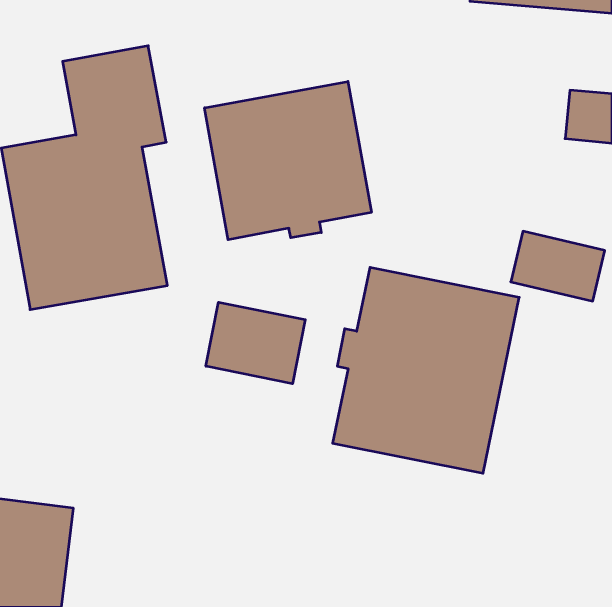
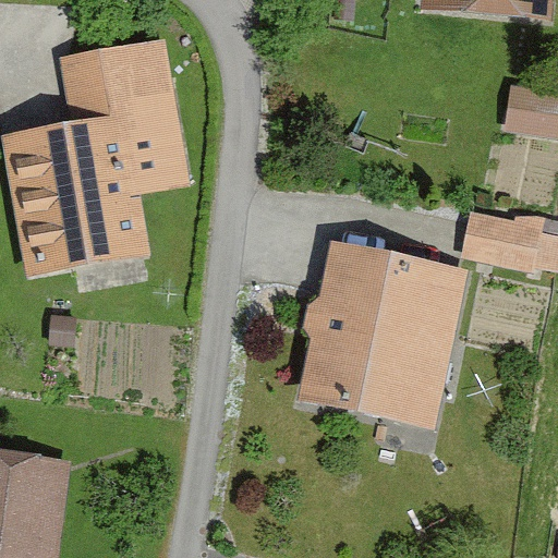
building: [205,81,371,240] -> none
building: [206,302,305,384] -> none

